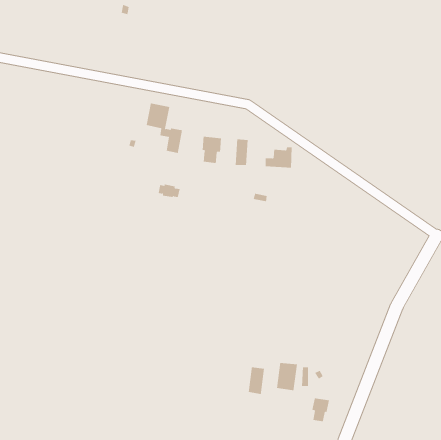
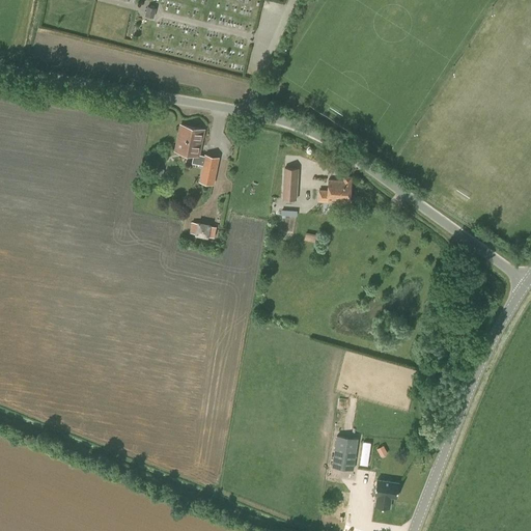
building: [202,136,221,164] -> none
building: [248,366,264,395] -> none

